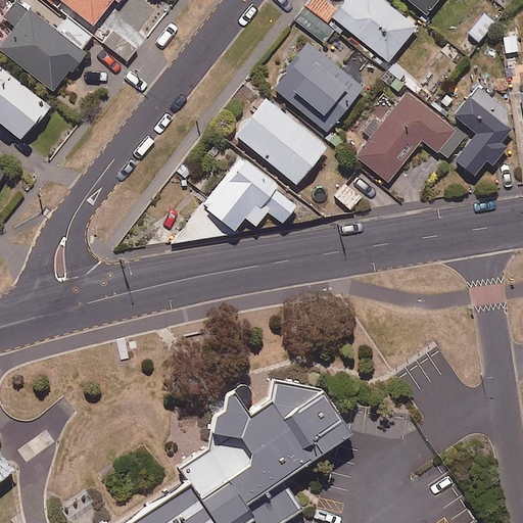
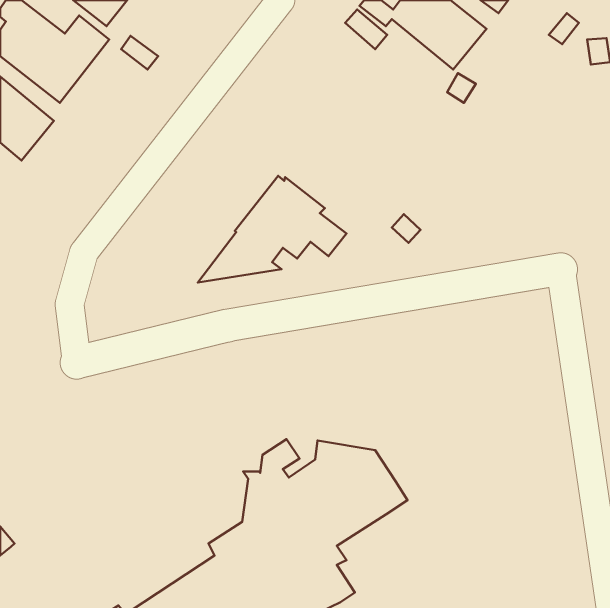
building: [271,42,363,132] -> none
building: [454,85,509,176] -> none
building: [355,92,465,183] -> none
building: [234,97,326,184] -> none

